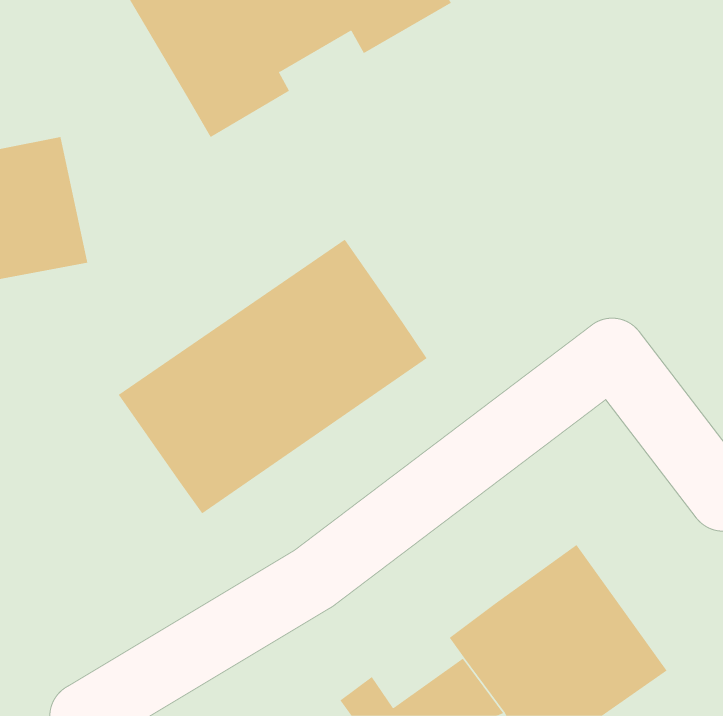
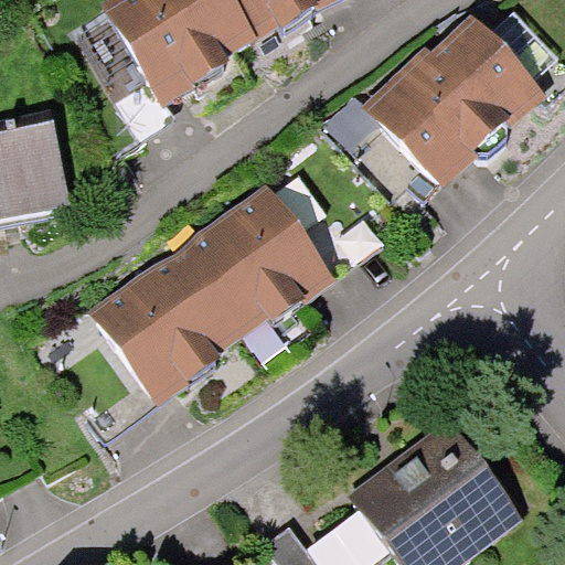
building: none -> [360,11,548,198]

